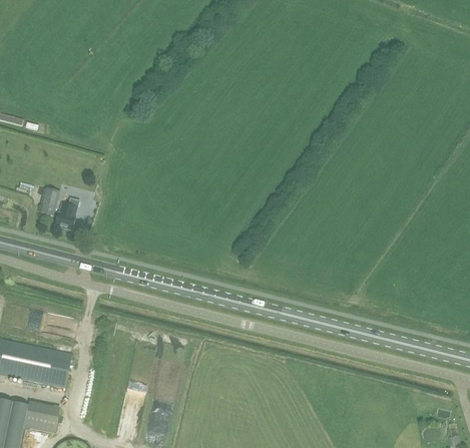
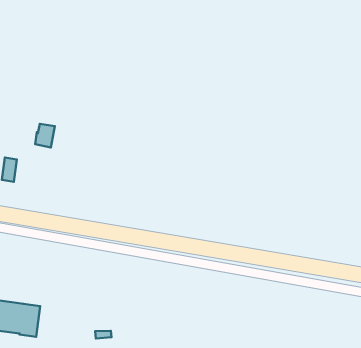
building: [54,202,77,230] -> [35,124,55,148]

